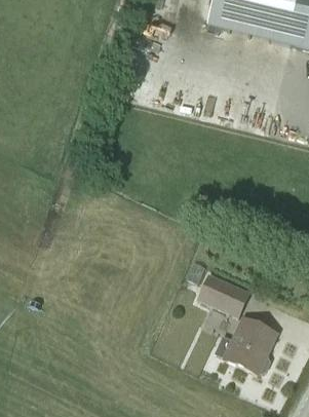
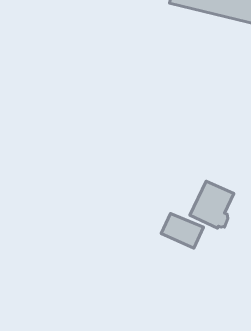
building: [224,316,276,372] -> [190,181,234,228]

